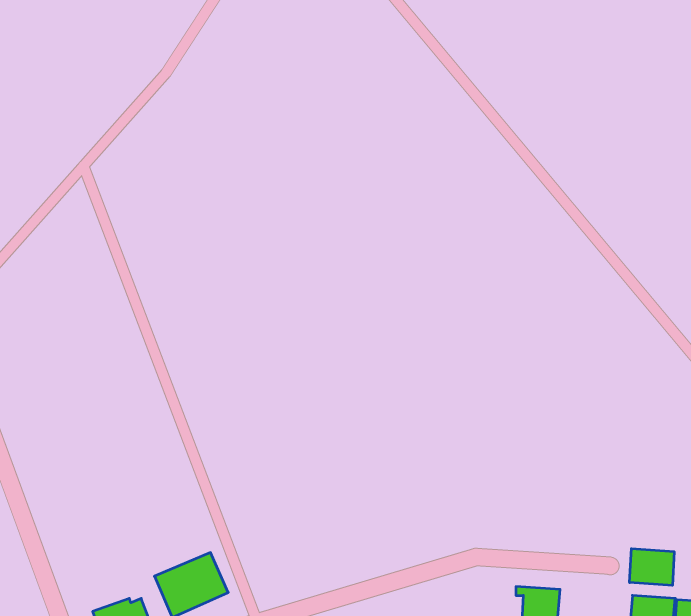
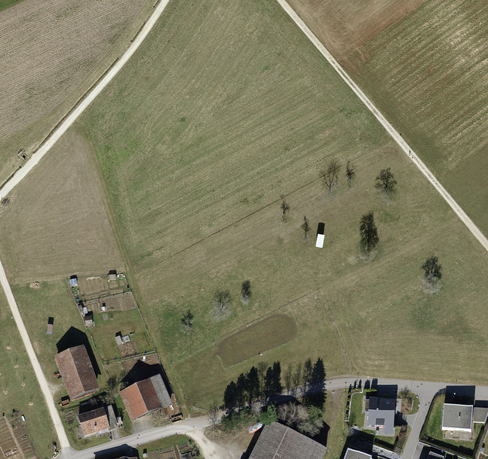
building: none -> [58,346,97,396]
building: [630,549,674,585] -> none

